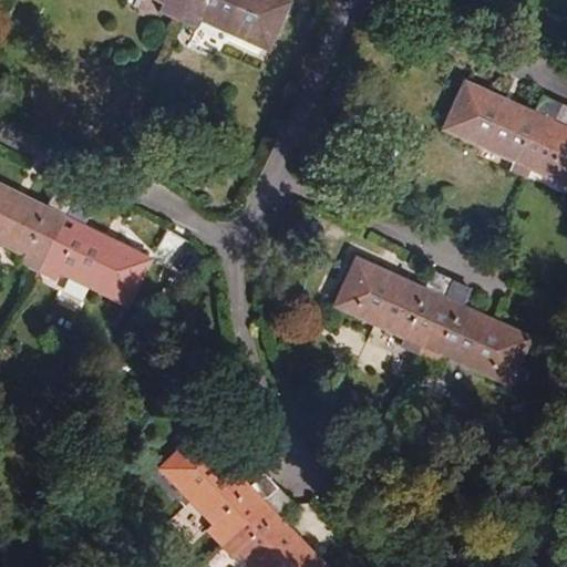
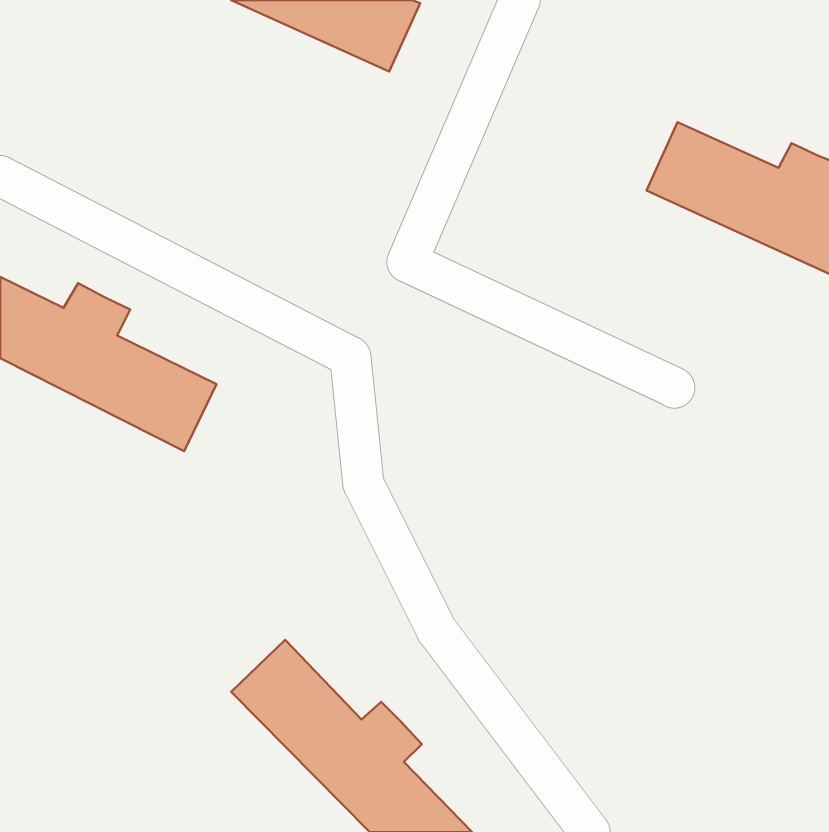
building: [333,260,529,385] -> none

